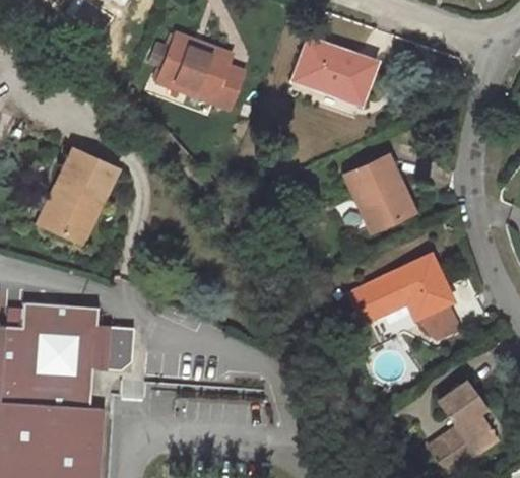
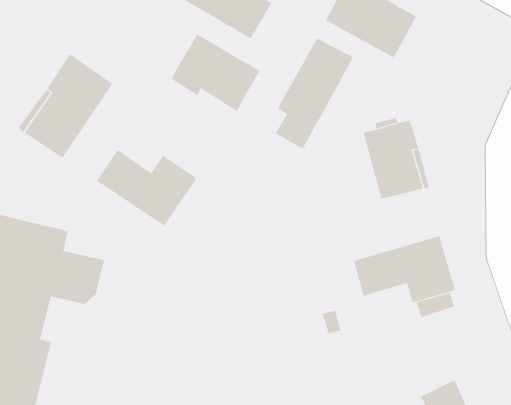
building: none -> [275,38,354,149]
building: none -> [171,33,260,112]
building: none -> [97,149,197,227]

